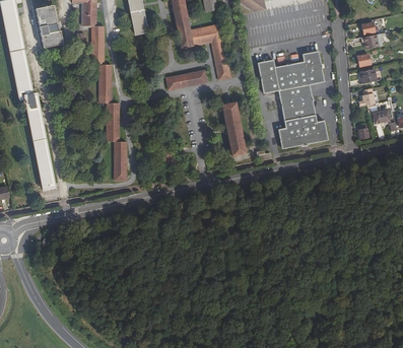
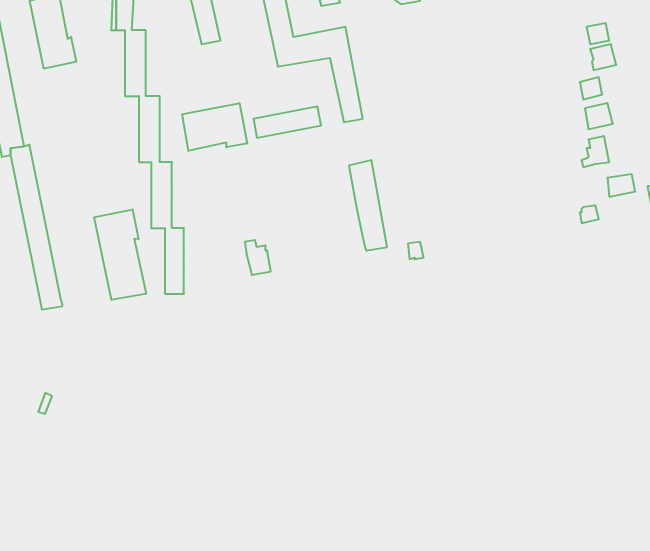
building: [257,50,327,147] -> none
building: none -> [182,103,247,151]
building: none -> [94,209,146,300]

